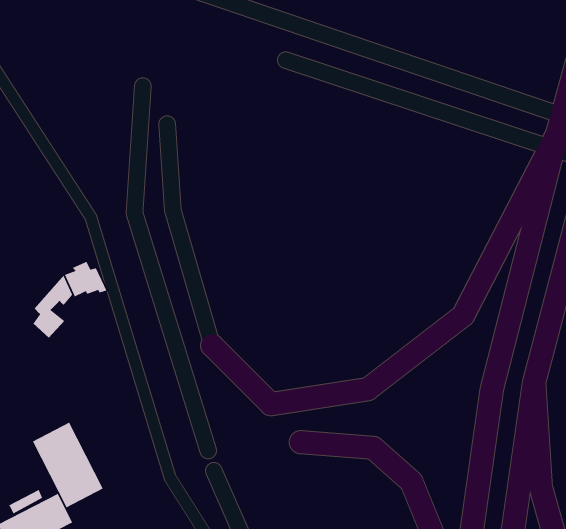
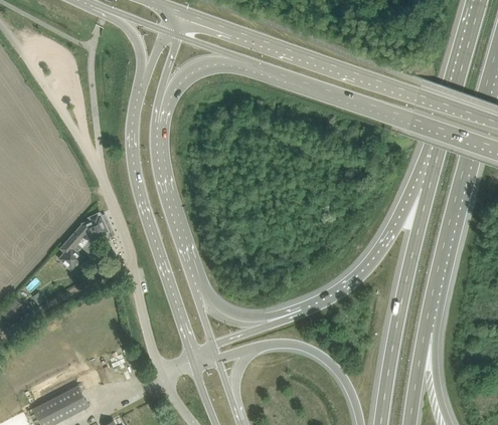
building: [32,422,104,508] -> none

